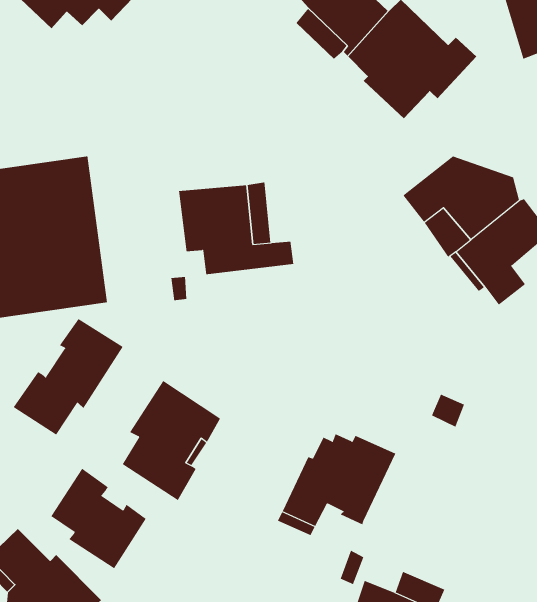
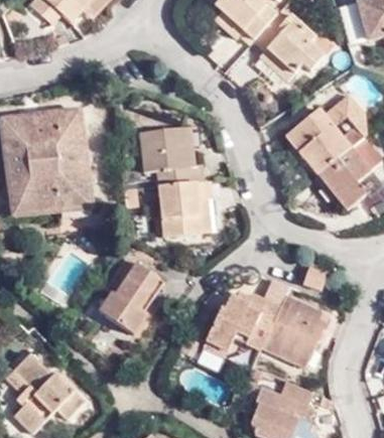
building: none -> [155,179,224,238]
building: [13,318,124,435] -> none
building: none -> [260,292,332,369]
building: [51,468,146,569] -> none

